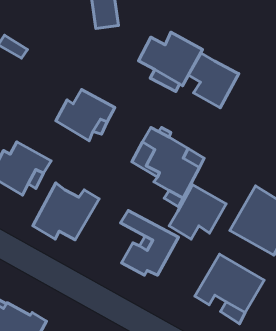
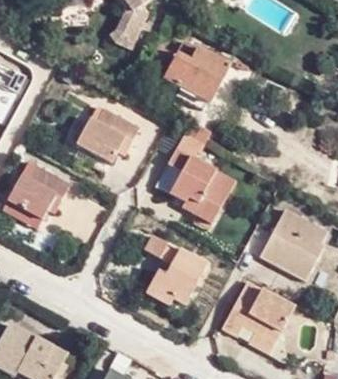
building: [188,53,239,108] -> none
building: [33,183,99,240] -> none
building: [169,185,226,239] -> none

